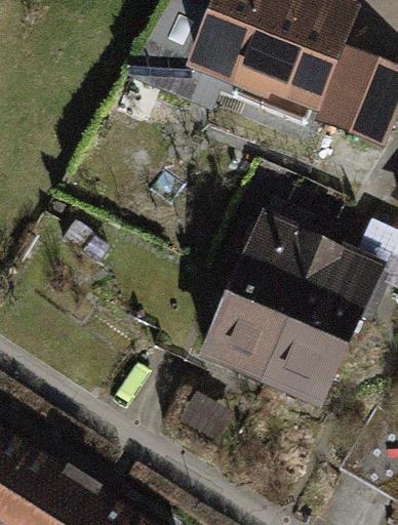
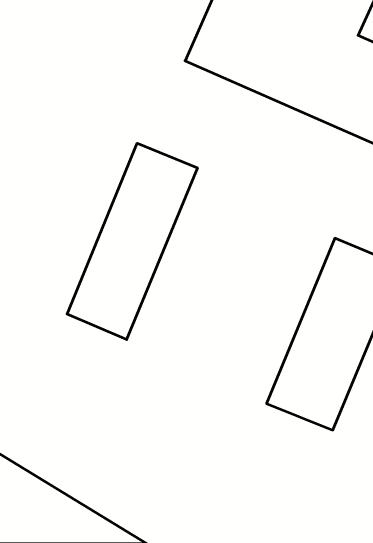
building: none -> [67,143,197,340]
building: [198,207,323,387] -> none

